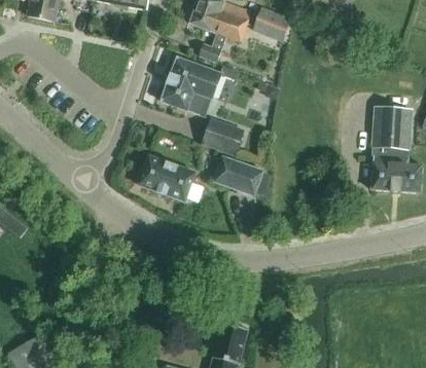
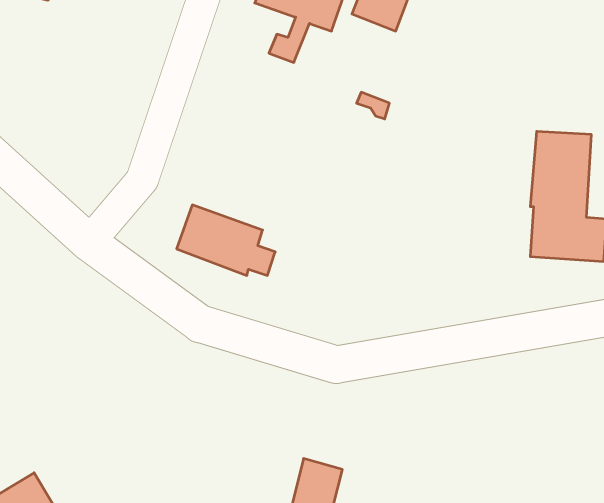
building: [161,57,220,115] -> none
building: [202,118,243,154] -> none
building: [212,155,263,196] -> none

